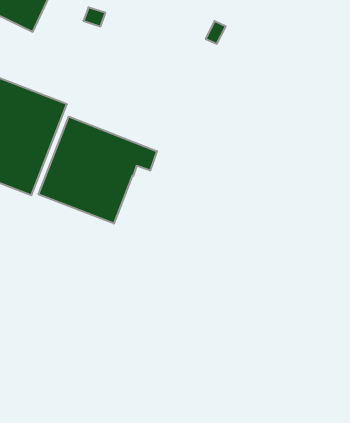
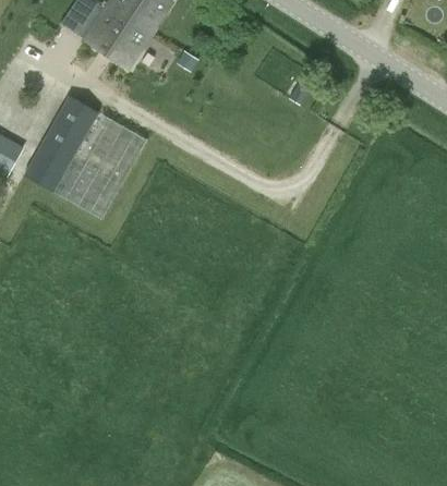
building: [39,117,157,224] -> none

